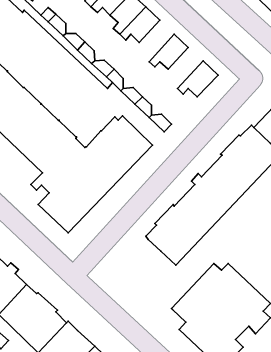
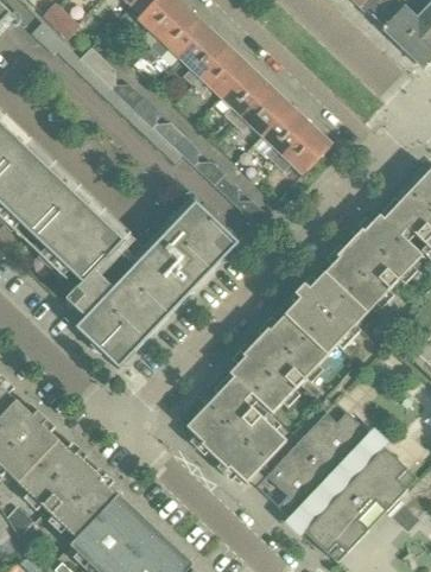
building: none -> [220,65,270,125]
building: none -> [261,104,311,163]
building: none -> [186,377,286,483]

